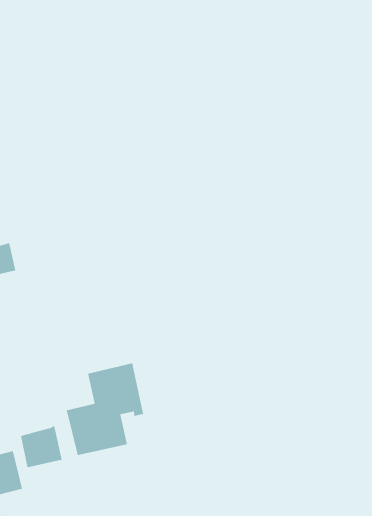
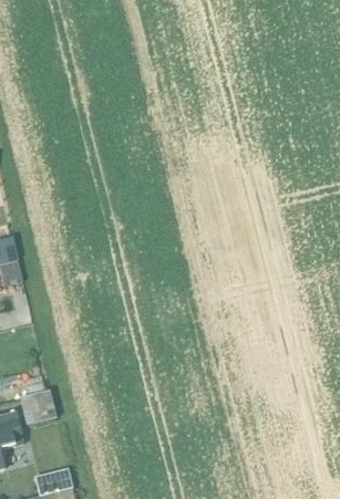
building: [66,363,144,456] -> none

